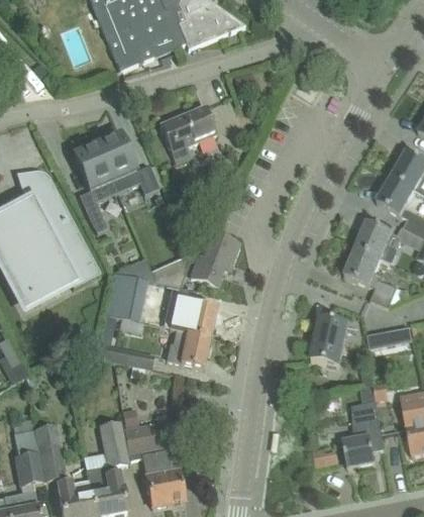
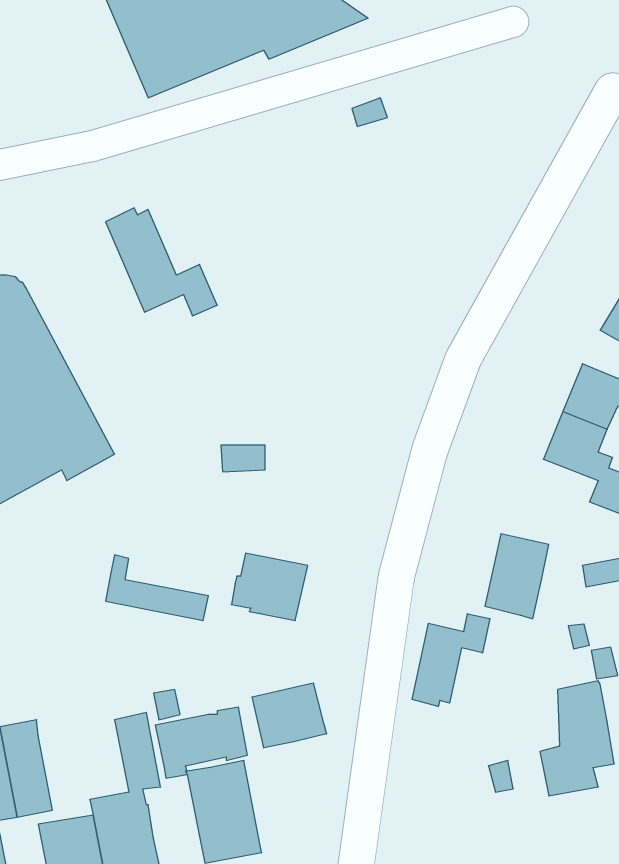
building: [158,105,215,161] -> none
building: [73,140,117,232] -> none
building: [191,232,239,285] -> none
building: [106,272,147,321] -> none
building: [170,297,217,336] -> none
building: none -> [412,614,490,707]
building: none -> [252,683,327,748]

